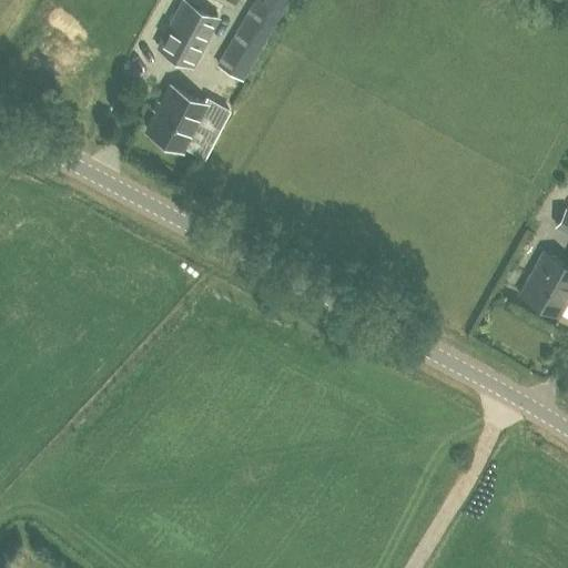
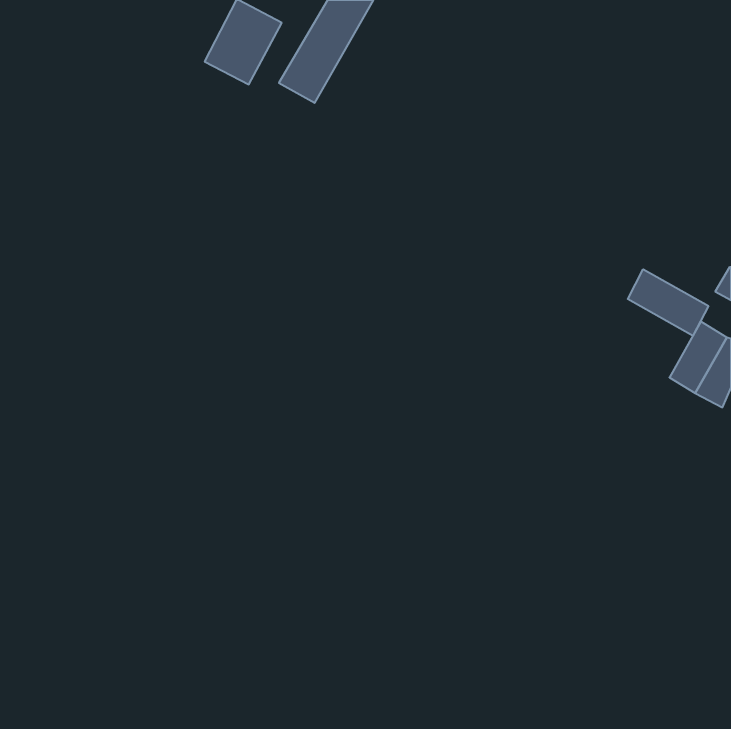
building: [148,87,231,156] -> none
building: none -> [628,269,708,336]

